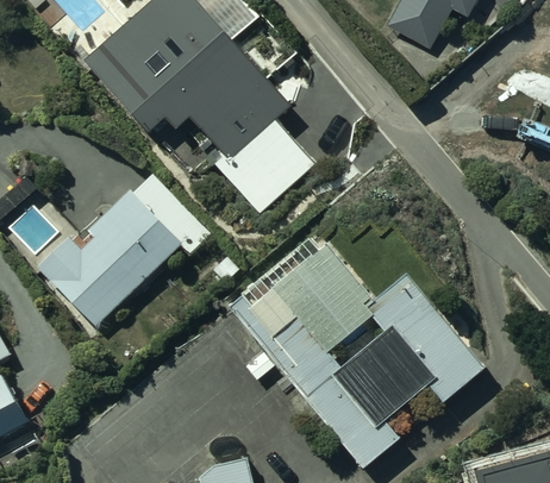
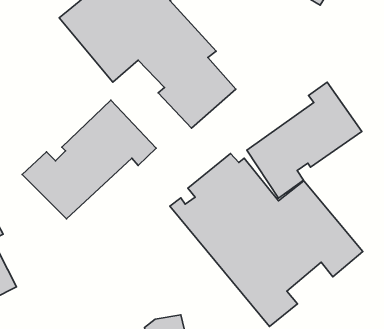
building: none -> [247,82,362,198]

